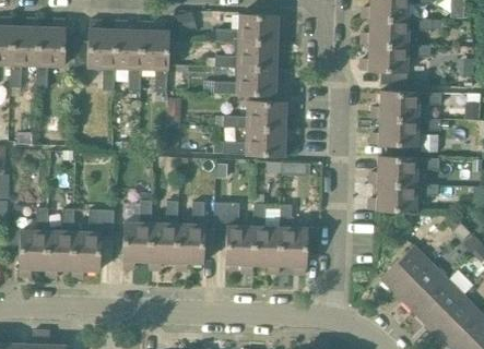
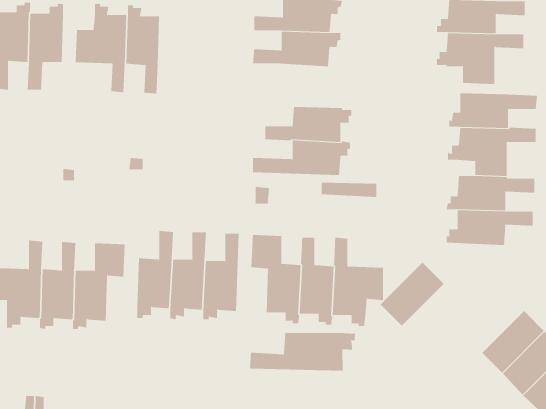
building: [140,22,168,92] -> none
building: [213,68,284,96] -> none
building: [379,245,430,297] -> [380,262,445,326]
building: none -> [249,332,356,372]

